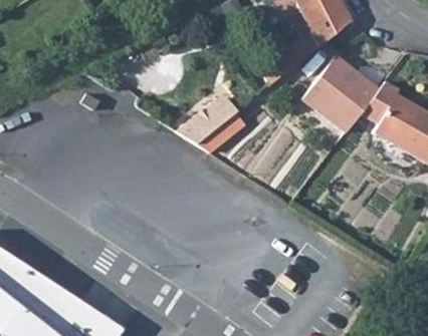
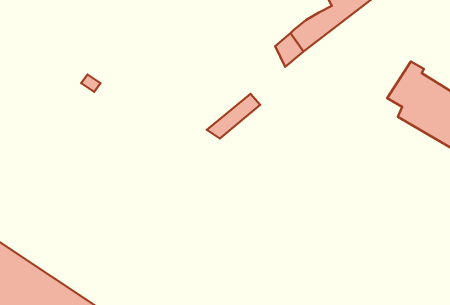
building: [301,54,386,130] -> none
building: [177,98,239,144] -> none

